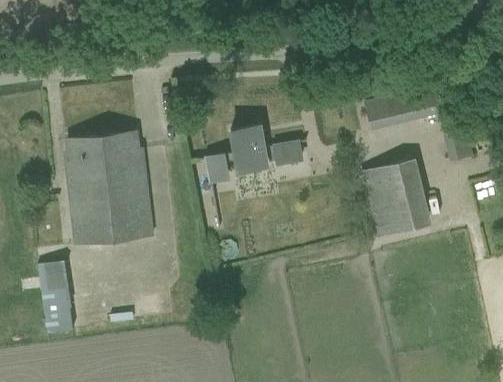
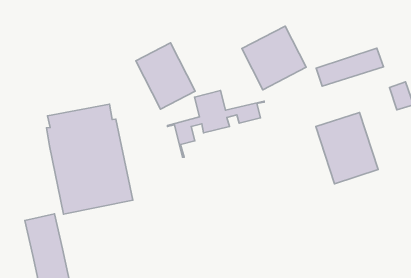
building: none -> [242,26,306,90]
building: none -> [136,43,195,109]

